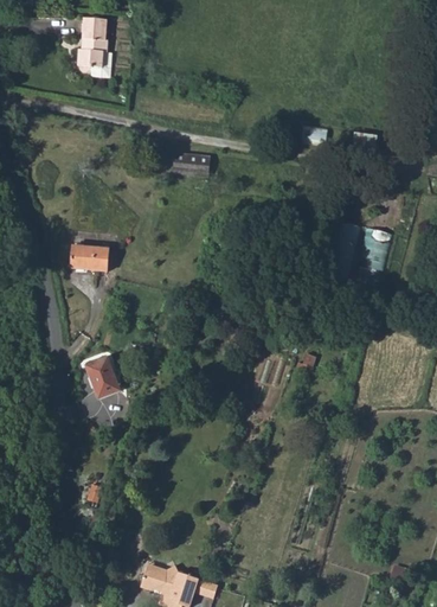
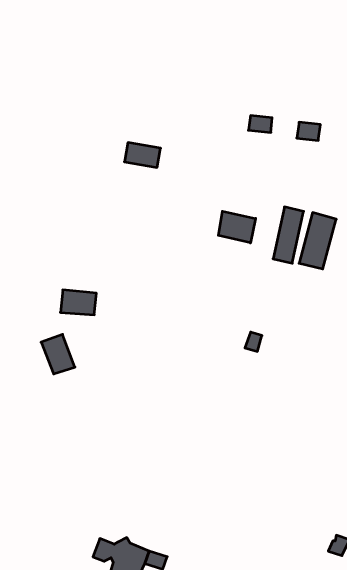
building: [77,17,113,78] -> none
building: none -> [218,211,256,243]
building: [70,244,108,270] -> [60,290,96,315]

